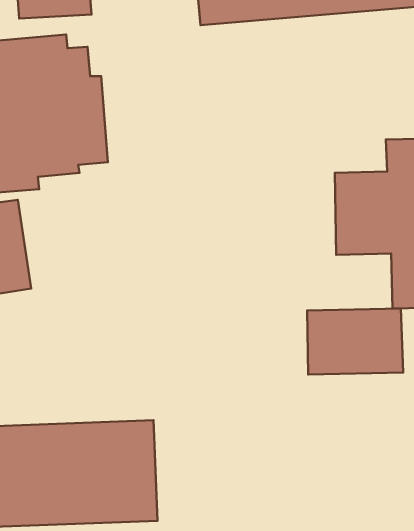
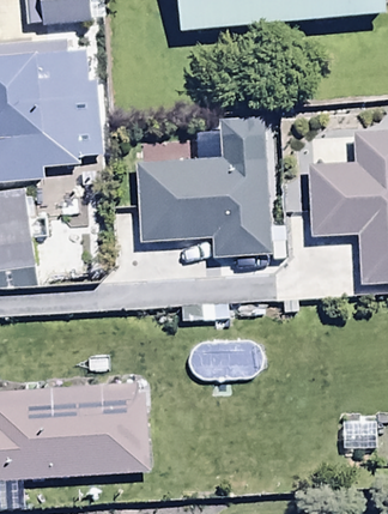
building: none -> [134,138,271,259]
building: [307,308,403,375] -> none

